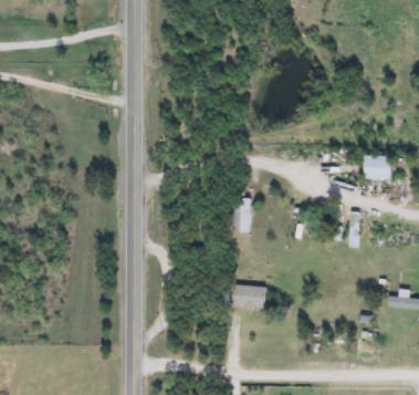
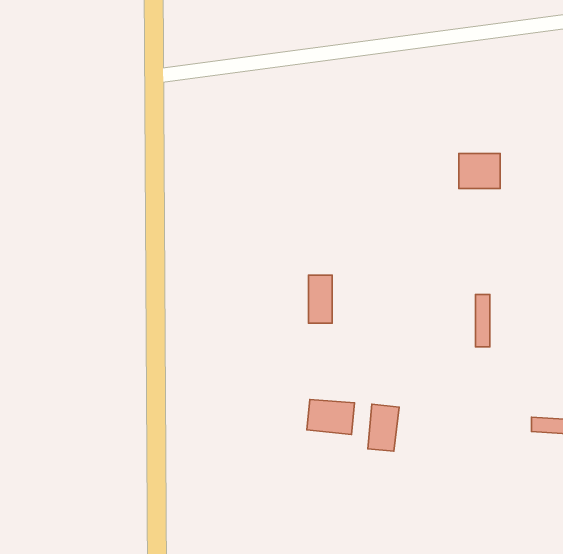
building: [364,155,392,179] -> [459,153,500,188]
building: none -> [368,404,399,451]

